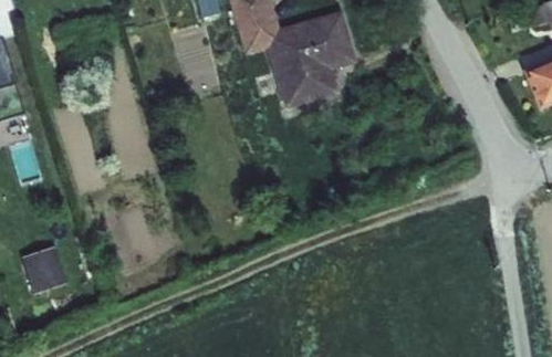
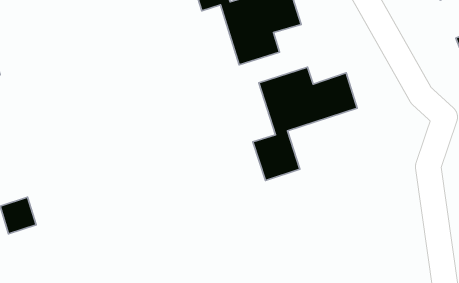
building: none -> [253,67,357,180]

